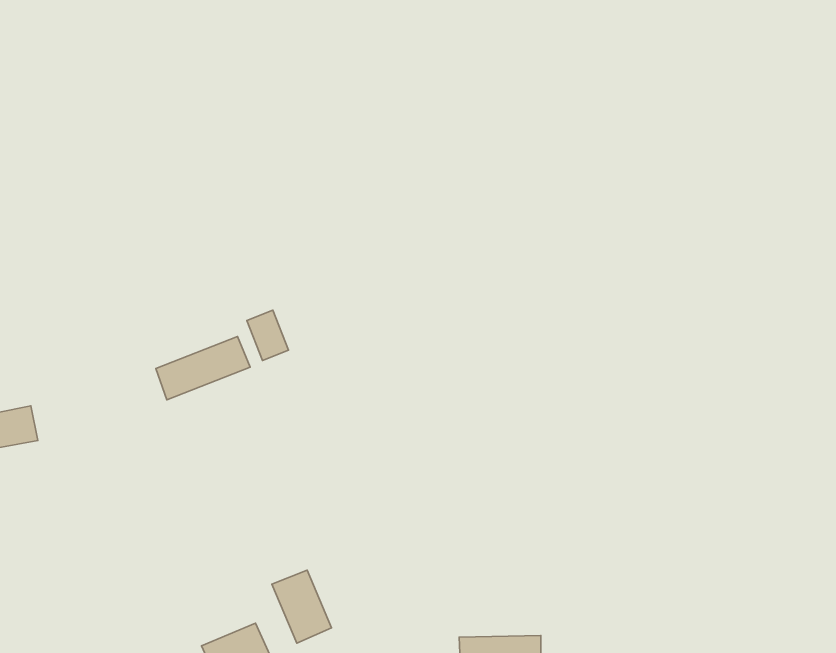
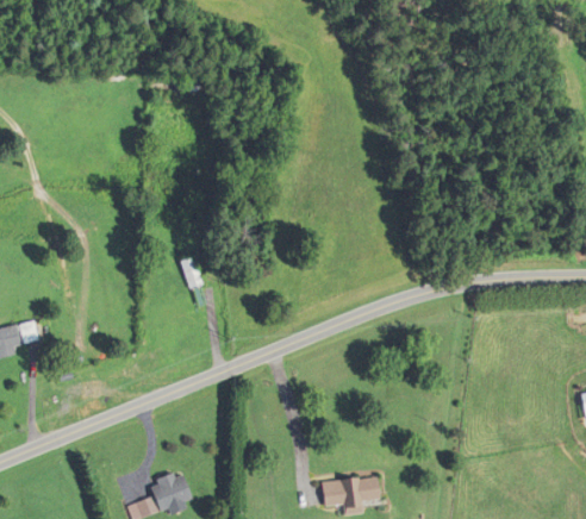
building: [156,337,250,400] -> none
building: [272,570,332,643] -> none

